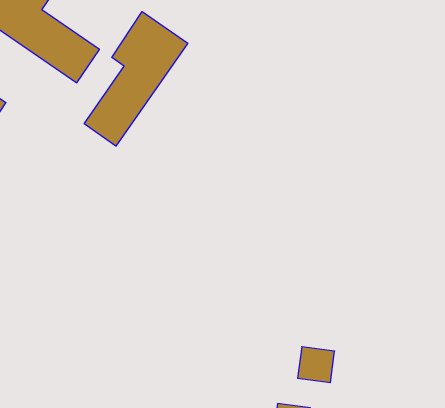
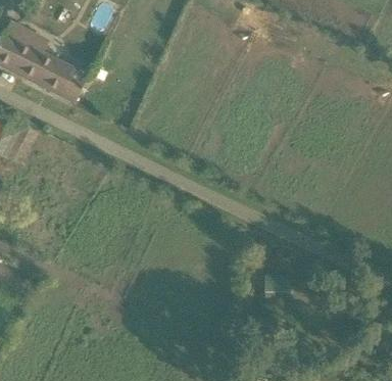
building: [84,12,188,146] -> none

